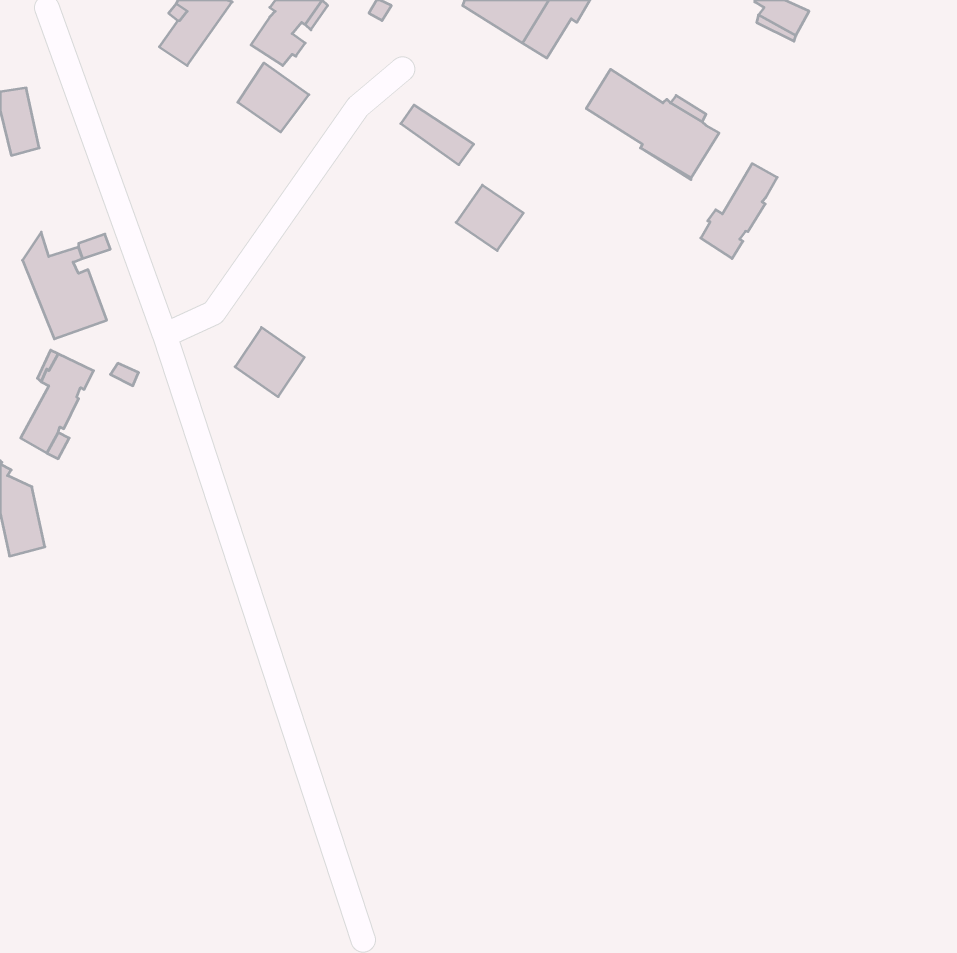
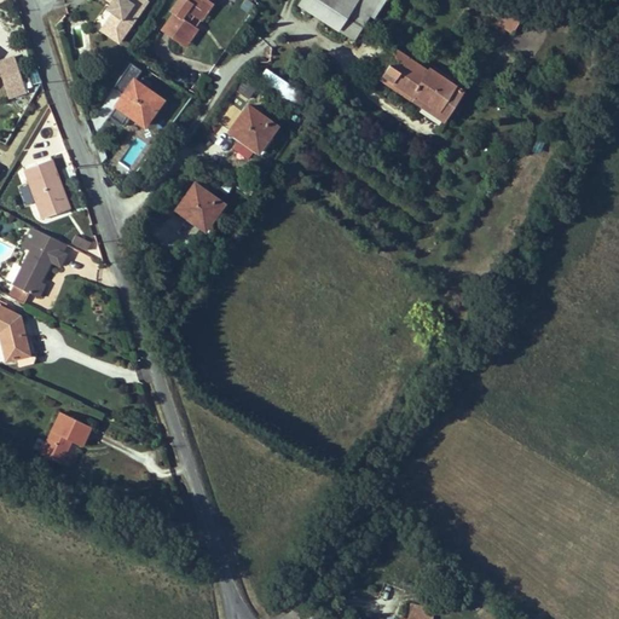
building: [238,63,309,132] -> [116,81,162,126]
building: [701,164,777,259] -> none
building: [456,185,523,251] -> [231,108,274,150]
building: [235,327,304,397] -> [178,185,222,230]
building: none -> [41,413,89,463]

